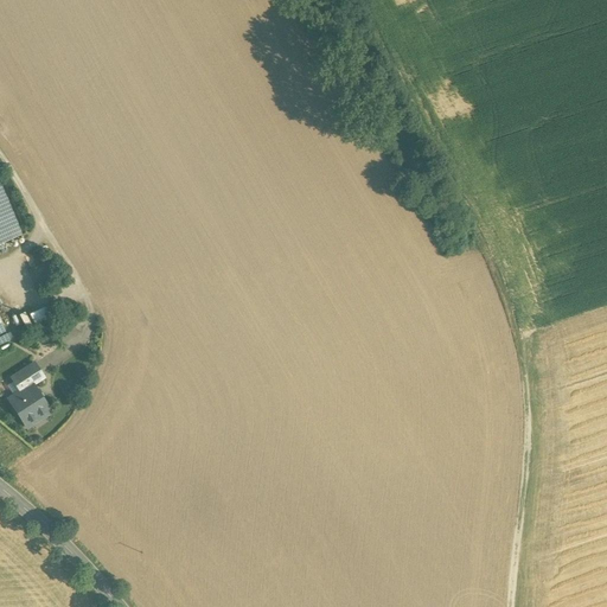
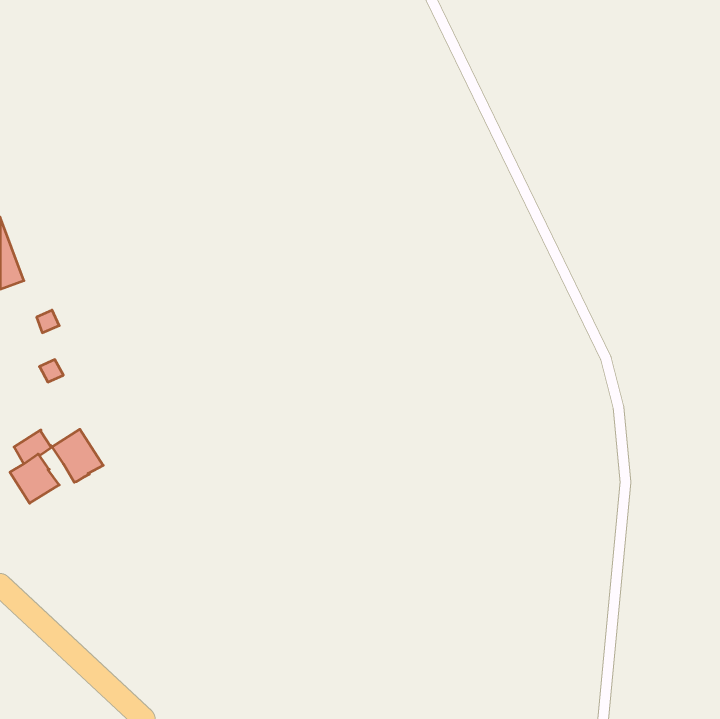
building: none -> [52,429,103,482]

